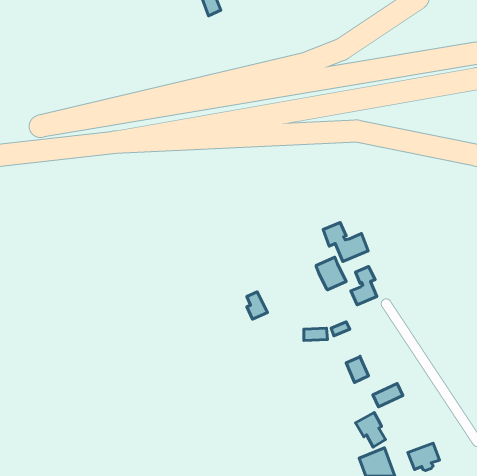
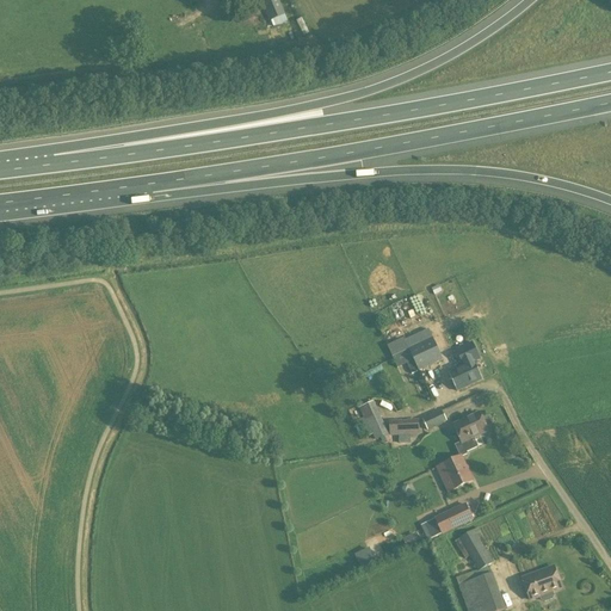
building: [323,222,368,262] -> none
building: [247,292,267,319] -> [359,401,385,436]
building: none -> [452,412,486,456]
building: [373,383,403,407] -> [432,502,470,532]

